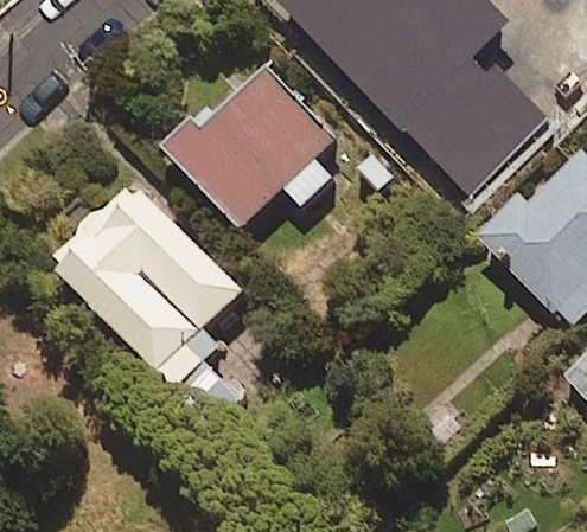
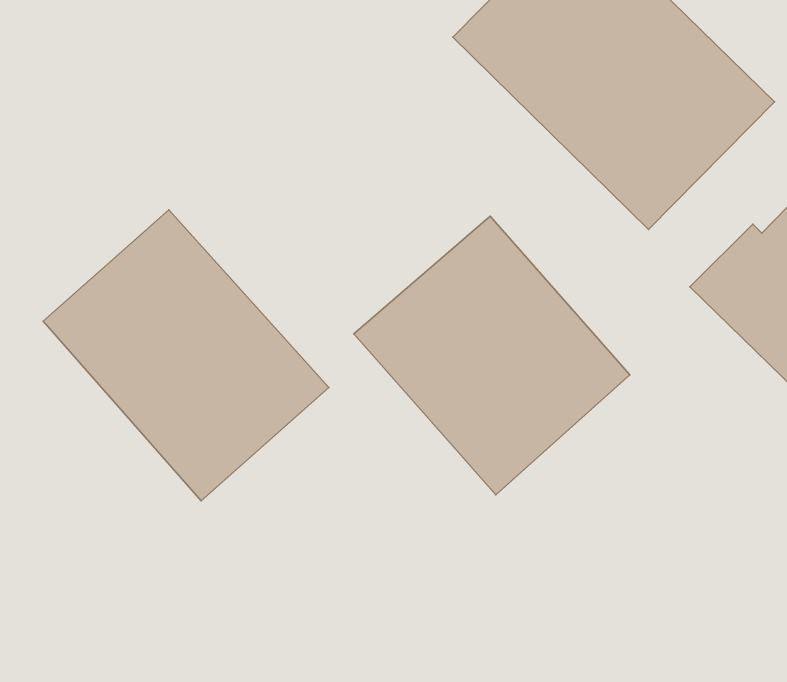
building: [160,65,338,230] -> none
building: none -> [354,216,630,495]

